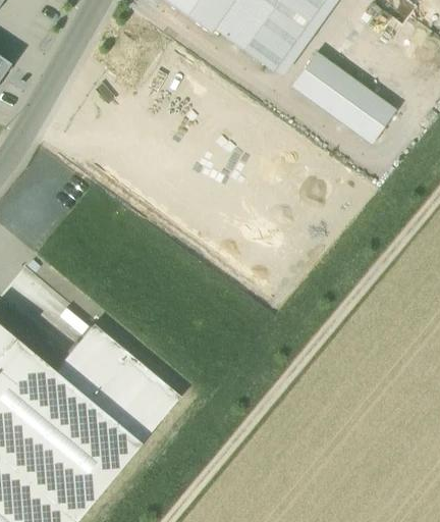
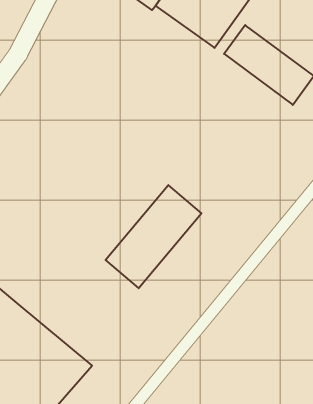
building: none -> [106,185,201,288]
building: [54,323,181,446] -> none

